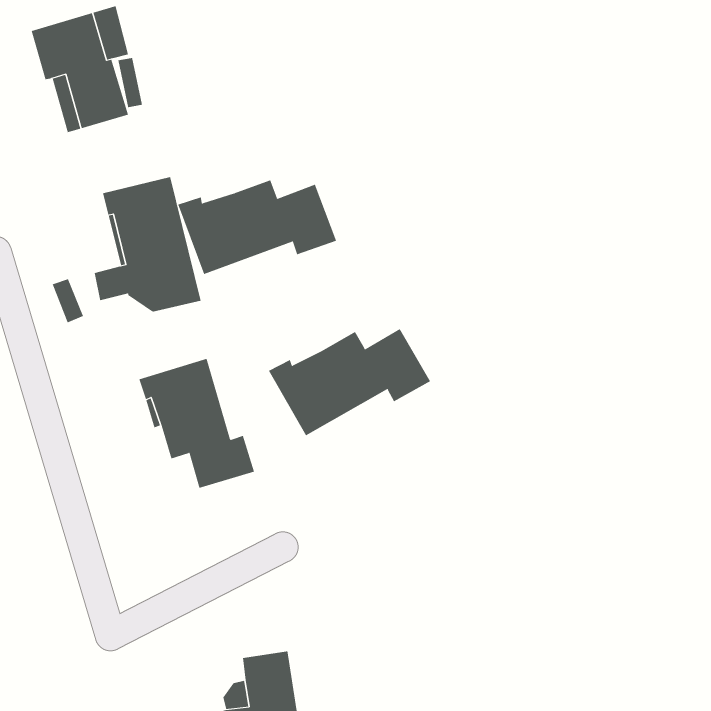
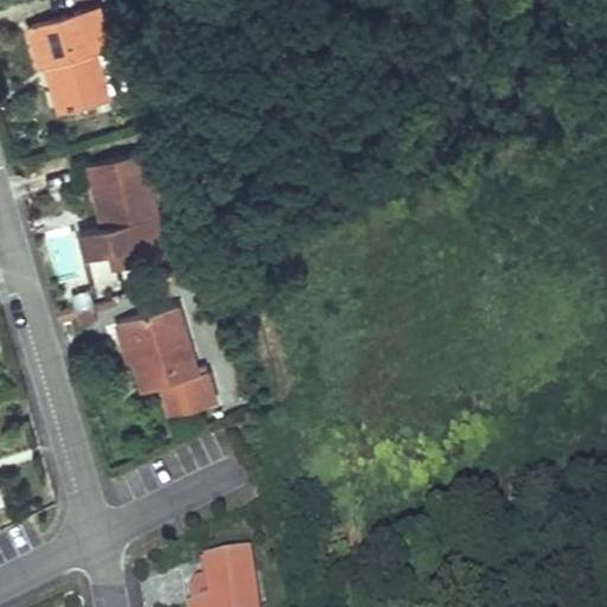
building: [178,179,337,275] -> none
building: [268,328,431,436] -> none

